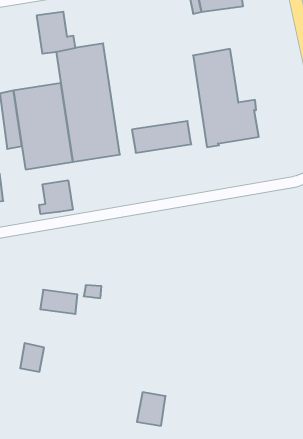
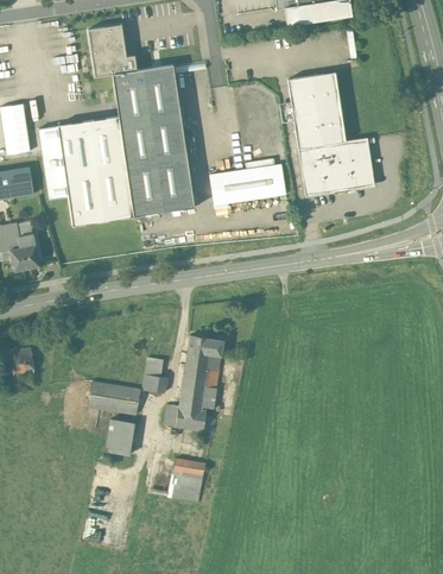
building: [39,180,73,214] -> none
building: none -> [165,333,227,430]
building: [20,343,44,372] -> [108,418,139,455]
building: [137,392,166,426] -> [171,458,208,500]

